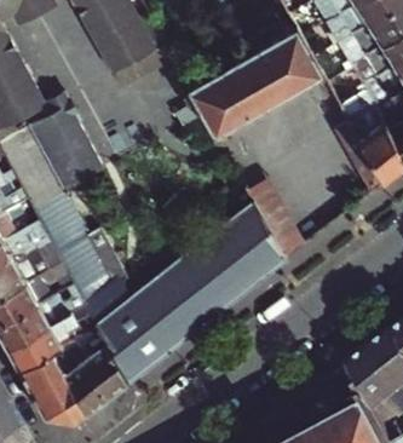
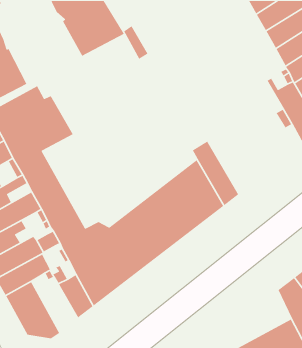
building: [188,29,323,136] -> none
building: [50,344,106,415] -> none

